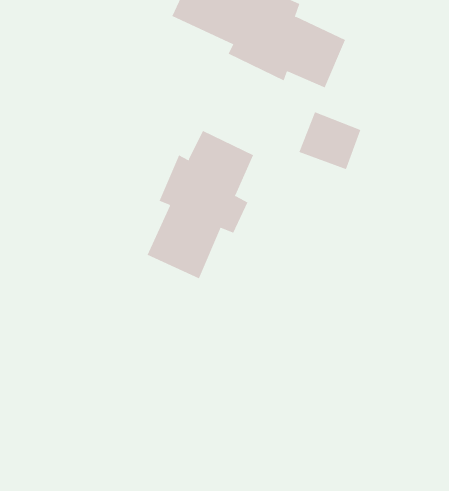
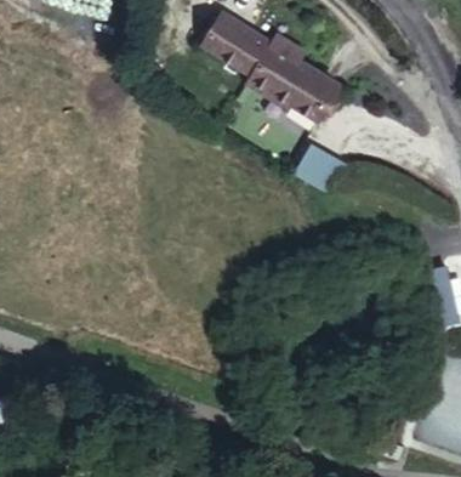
building: [147,130,254,279] -> none

